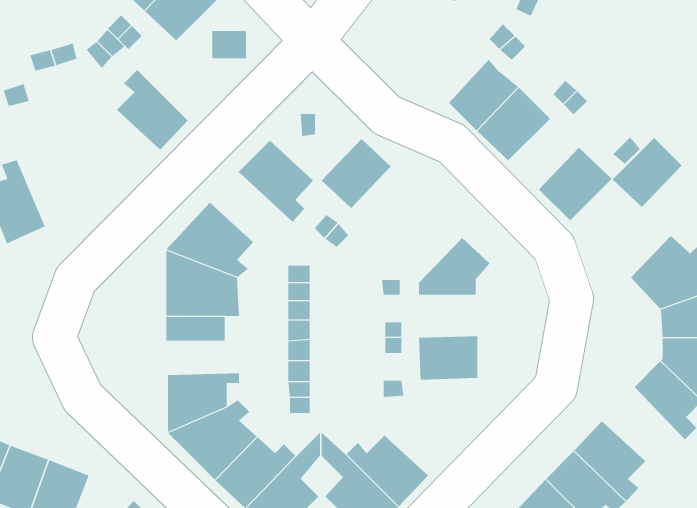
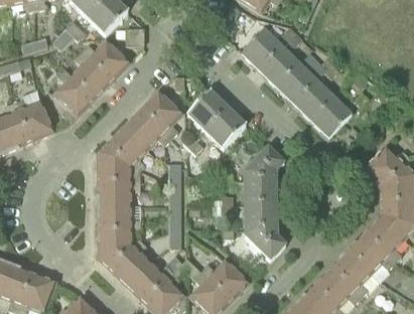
building: none -> [241,28,282,69]
building: none -> [82,39,128,80]
building: none -> [51,68,95,122]
building: [612,137,682,208] -> [293,78,333,119]
building: none -> [13,98,52,140]
building: none -> [203,106,245,148]
building: none -> [123,109,170,149]
building: none -> [242,179,276,203]
building: none -> [98,205,140,224]
building: none -> [243,226,285,259]
building: none -> [347,231,394,274]

